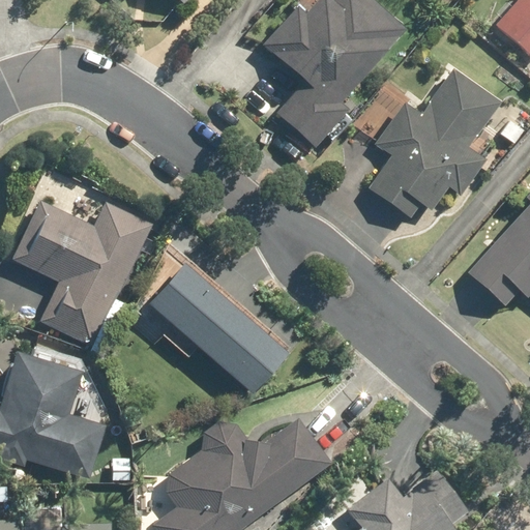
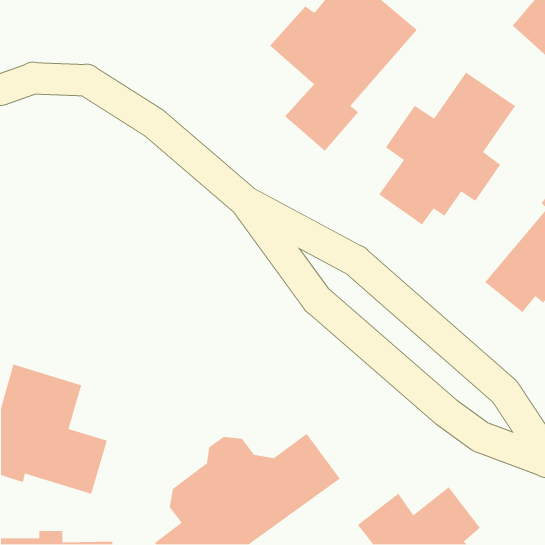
building: [11,201,154,355] -> none
building: [146,262,286,393] -> none

